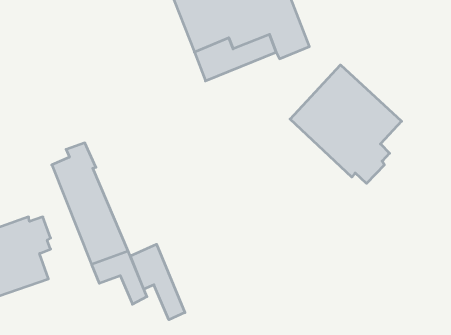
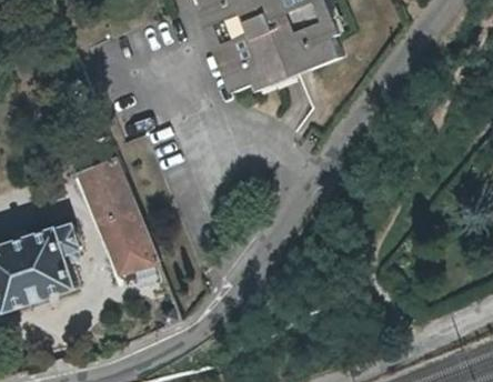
building: [290,65,402,183] -> none
building: [130,244,185,320] -> none

